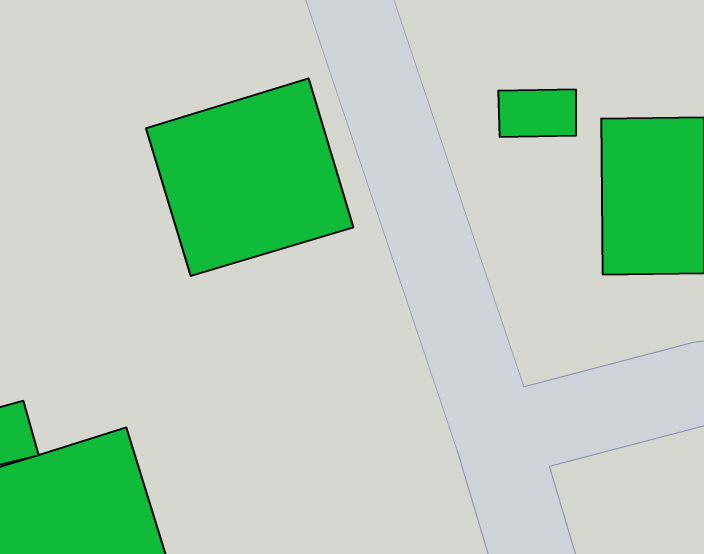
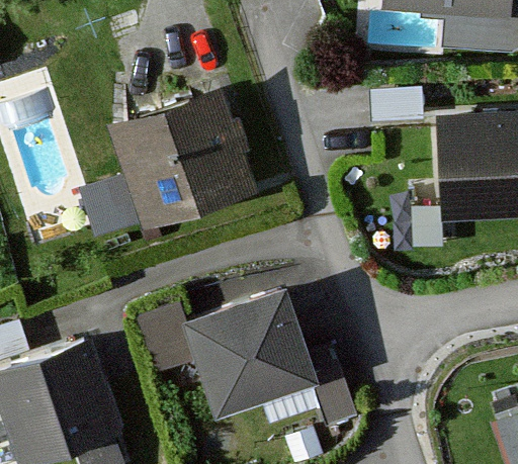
building: none -> [186,292,325,420]

